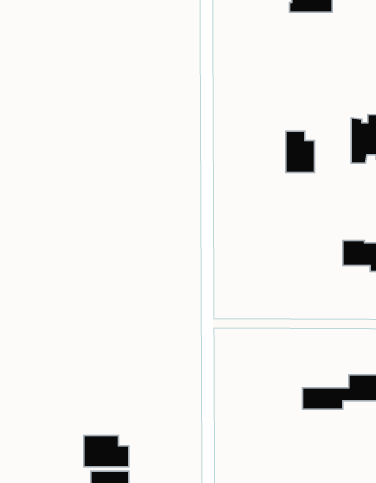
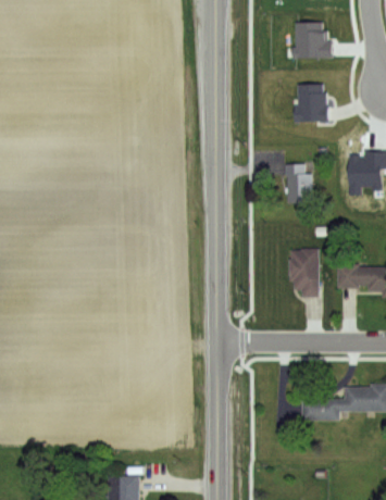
building: none -> [294,83,328,122]
building: none -> [290,249,319,298]
building: [84,435,129,467] -> none

